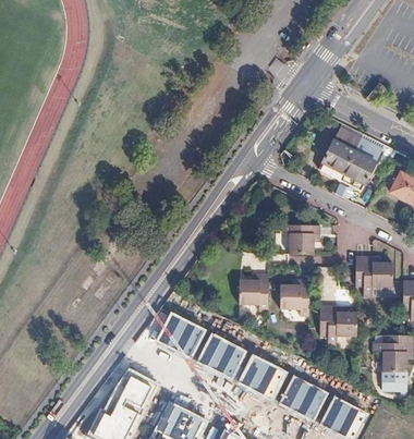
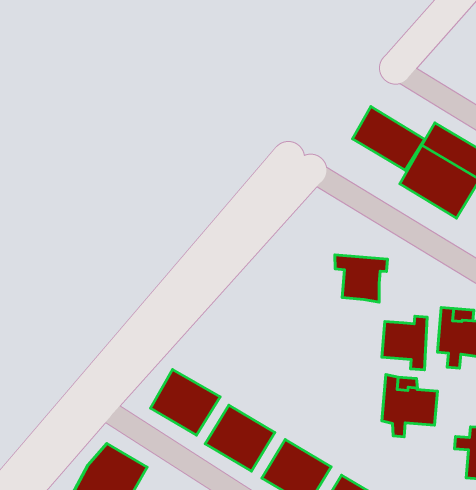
building: none -> [353,107,424,170]
building: [235,275,265,312] -> none
building: [278,279,308,316] -> [382,316,427,370]

